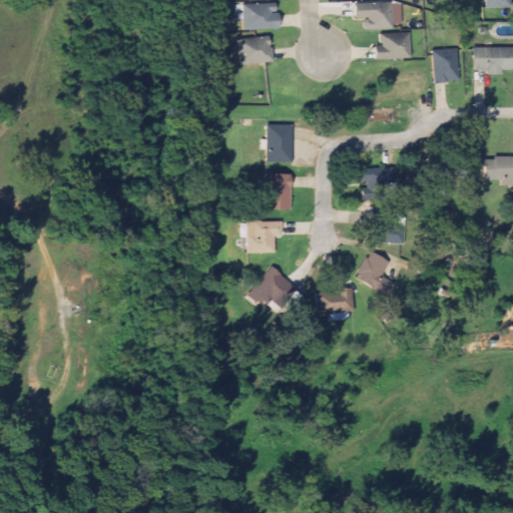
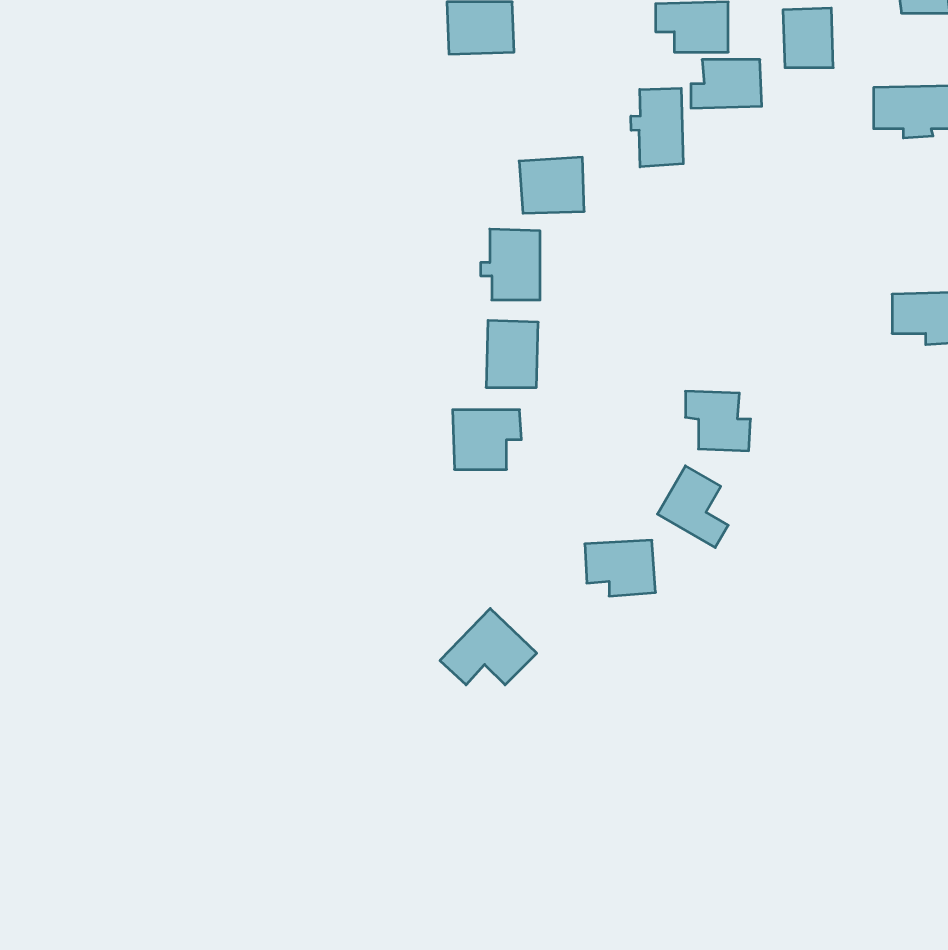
building: [237,33,273,63] -> [519,157,584,213]
building: none -> [631,88,683,167]
building: [433,49,460,81] -> [783,8,833,68]
building: [361,166,398,198] -> none
building: [245,266,298,307] -> [440,608,537,685]

